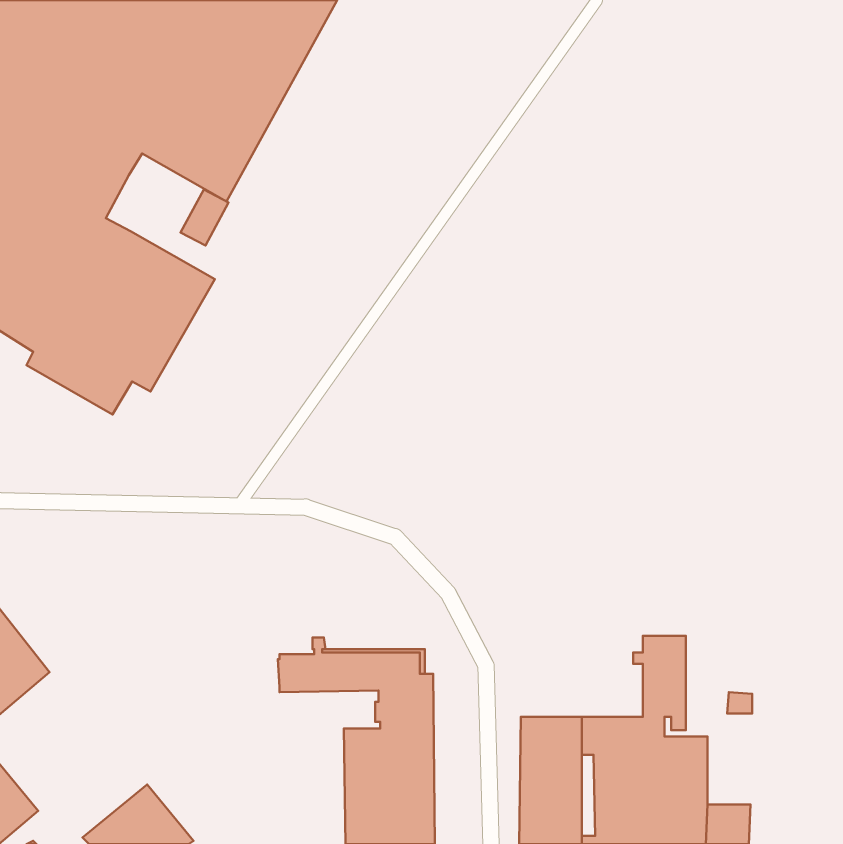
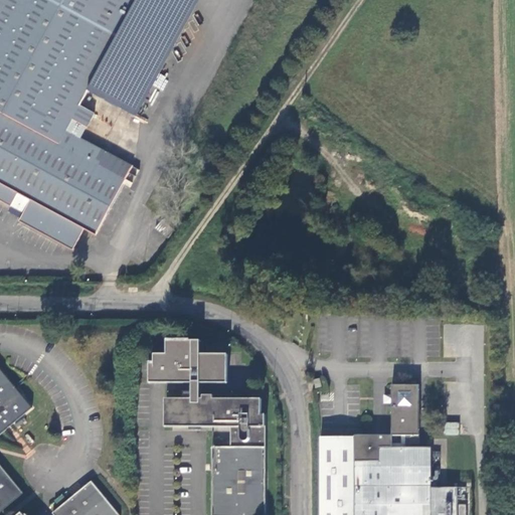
building: [181,189,229,246] -> [64,107,94,141]
building: none -> [147,336,225,388]
building: none -> [163,395,230,424]

